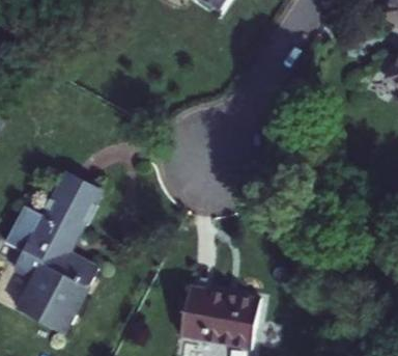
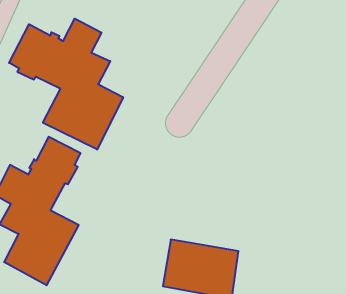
building: none -> [9,19,123,150]

